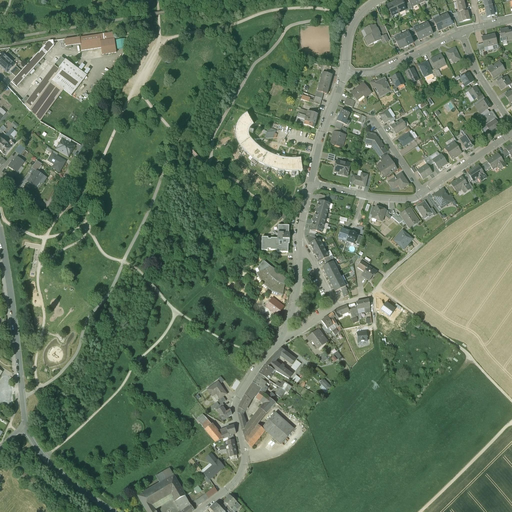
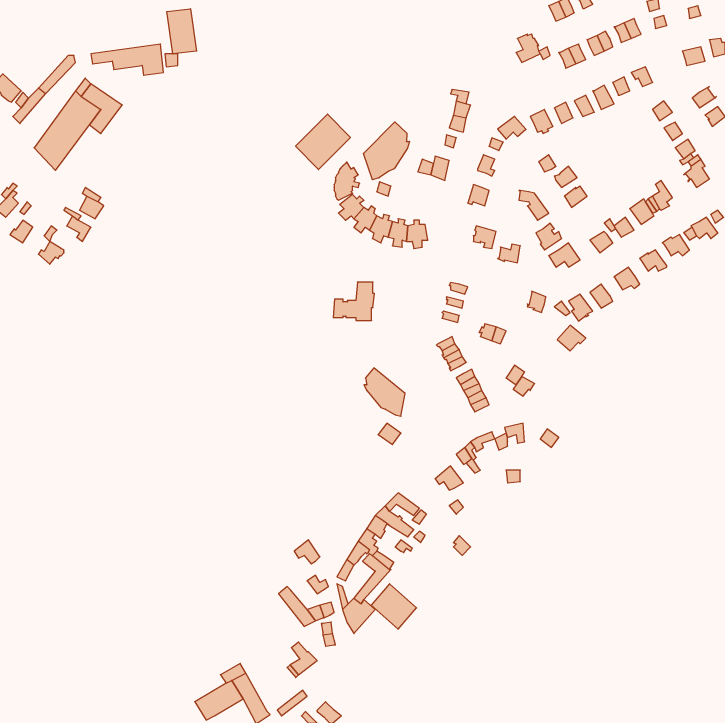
building: none -> [167,9,197,54]
building: none -> [296,114,350,170]
building: none -> [363,122,410,180]
building: [260,224,289,251] -> [333,282,374,320]

